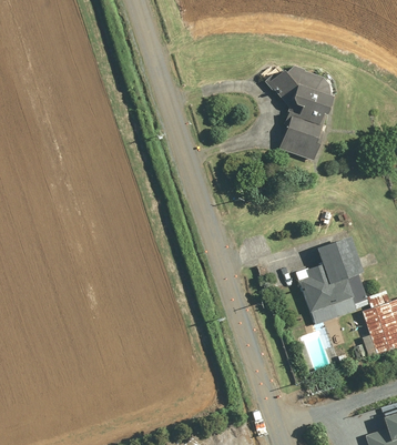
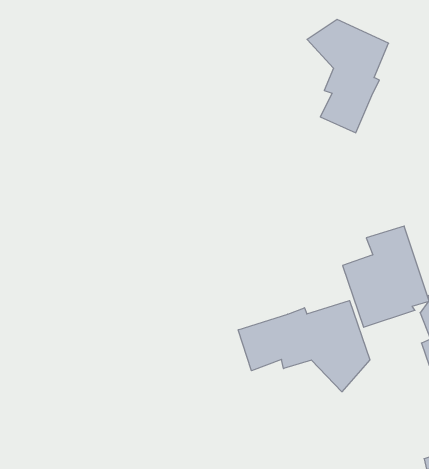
building: none -> [238,301,370,392]

